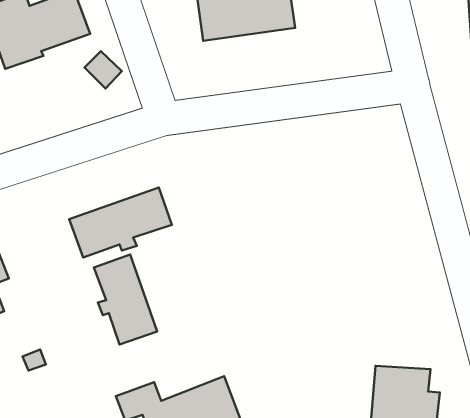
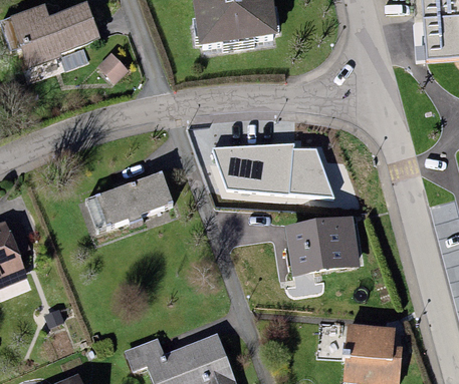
building: none -> [212,142,333,198]
building: none -> [285,216,362,276]
building: [94,254,157,344] -> none

